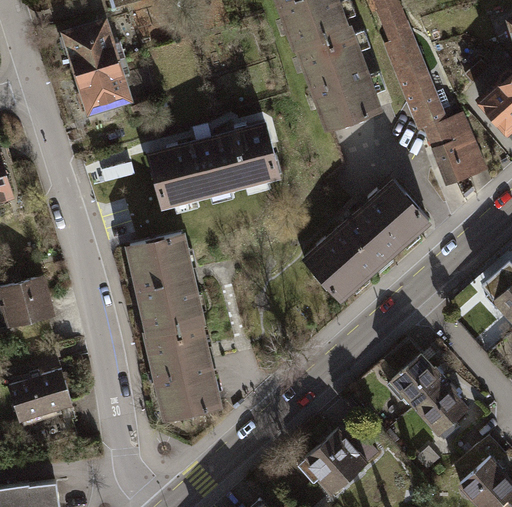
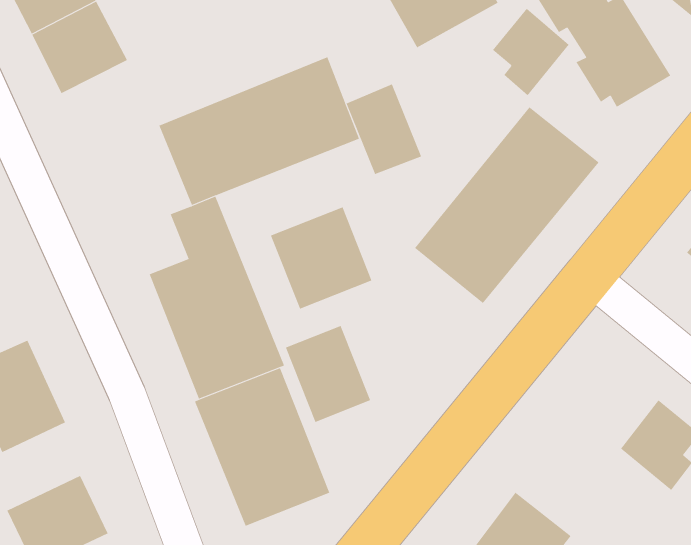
building: none -> [492,8,569,96]
building: none -> [346,84,422,175]
building: none -> [270,206,372,309]
building: none -> [285,325,371,423]
building: [386,340,445,409] -> none

